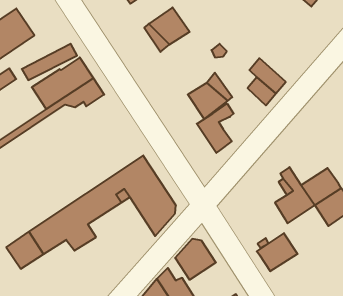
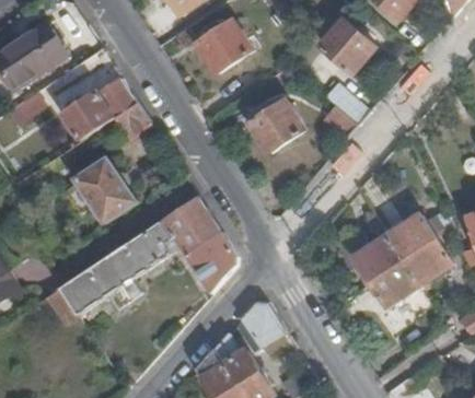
building: none -> [322,19,375,72]
building: [197,104,234,153] -> none
building: none -> [74,161,136,225]
building: [257,233,298,271] -> [370,258,419,304]

